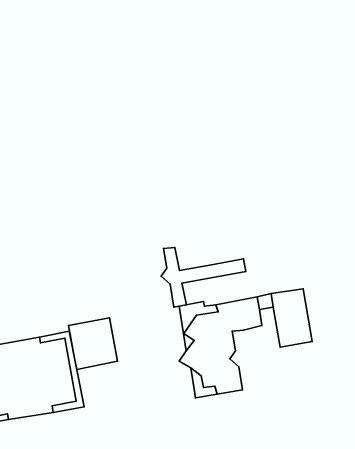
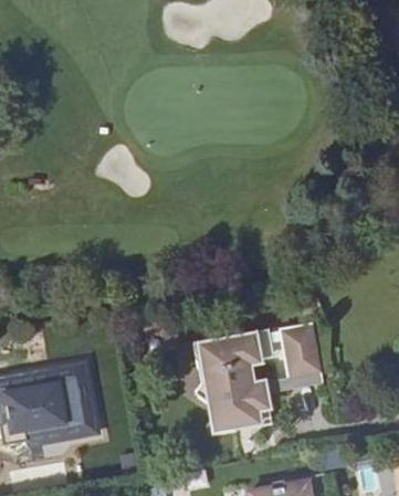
building: [161,248,246,307] -> [240,360,322,418]
building: [69,318,117,369] -> none

